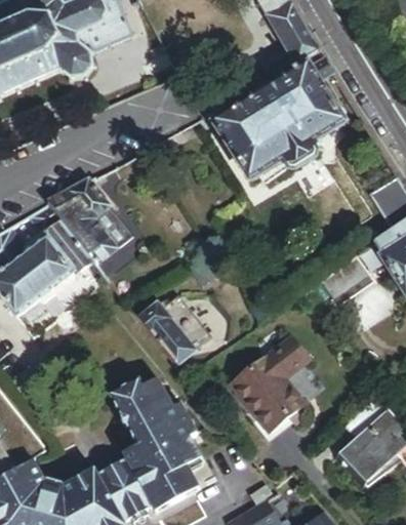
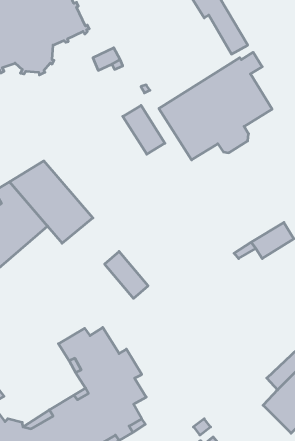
building: none -> [123,105,165,154]
building: [135,295,189,354] -> none
building: [234,332,309,421] -> none

